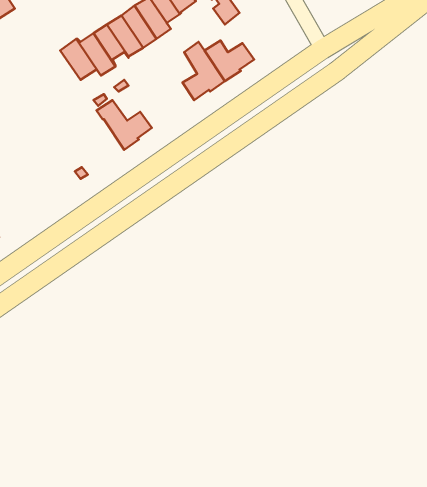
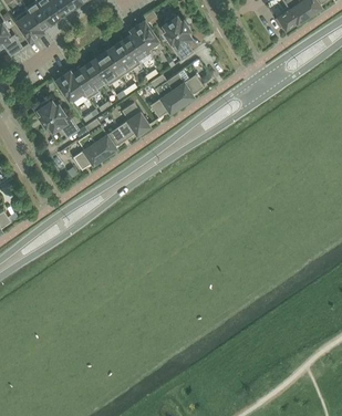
building: none -> [39,100,79,137]
building: none -> [117,103,149,139]
building: none -> [73,133,105,170]

